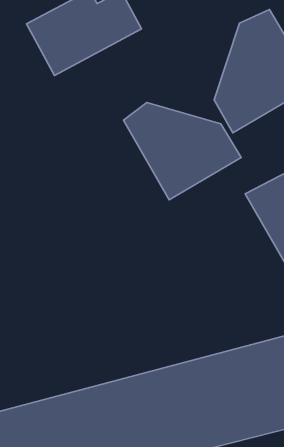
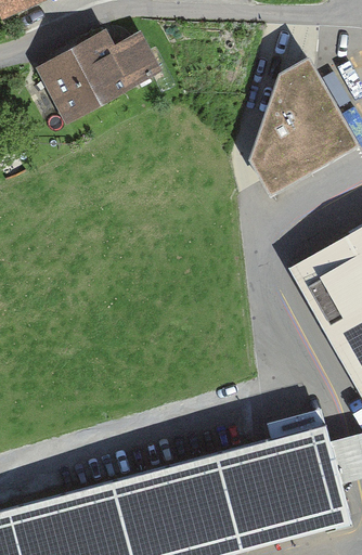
building: [123,103,241,200] -> none

